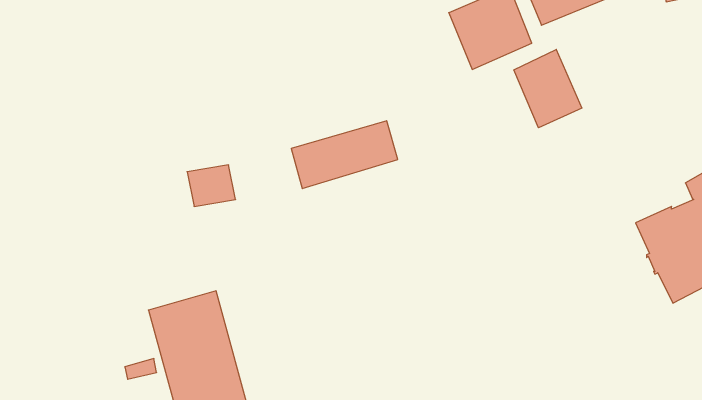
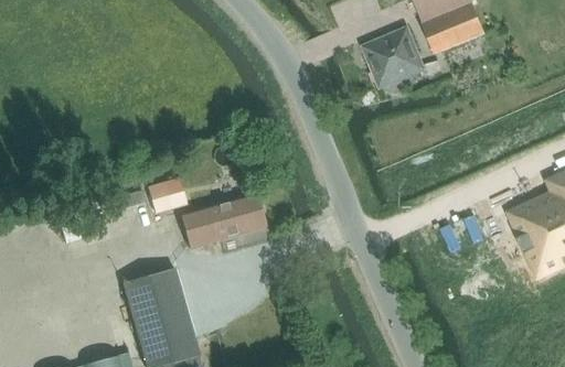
building: [514,49,582,128] -> none
building: [291,121,398,189] -> [181,194,266,248]

